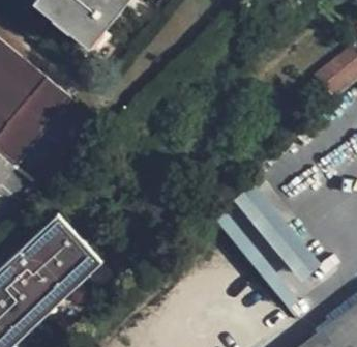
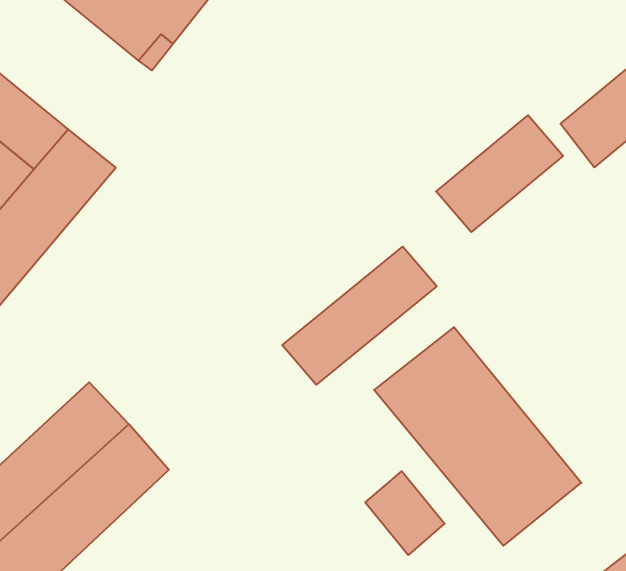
building: none -> [436,115,563,232]
building: none -> [282,247,437,385]
building: none -> [365,471,445,555]

